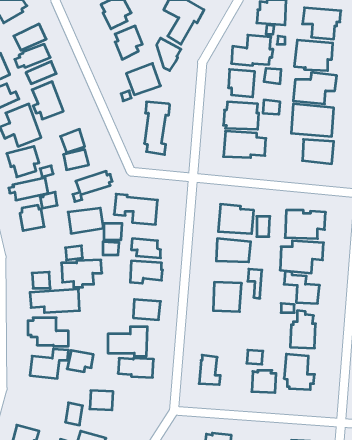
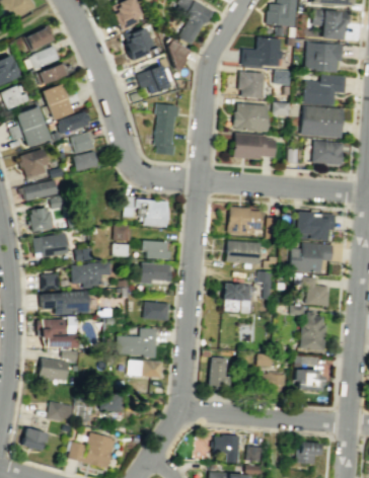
building: [73,171,112,202] -> [52,110,91,141]
building: [68,208,103,233] -> [32,233,68,258]
building: [67,350,93,372] -> [47,401,73,422]

